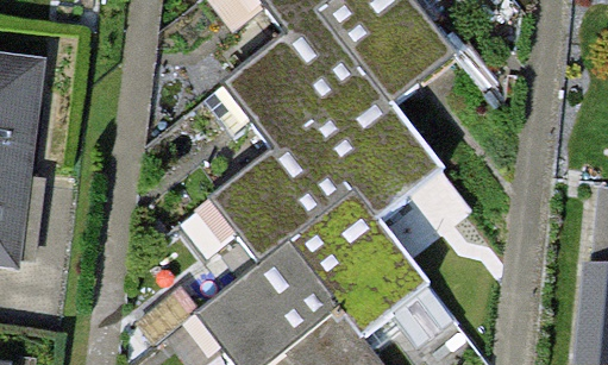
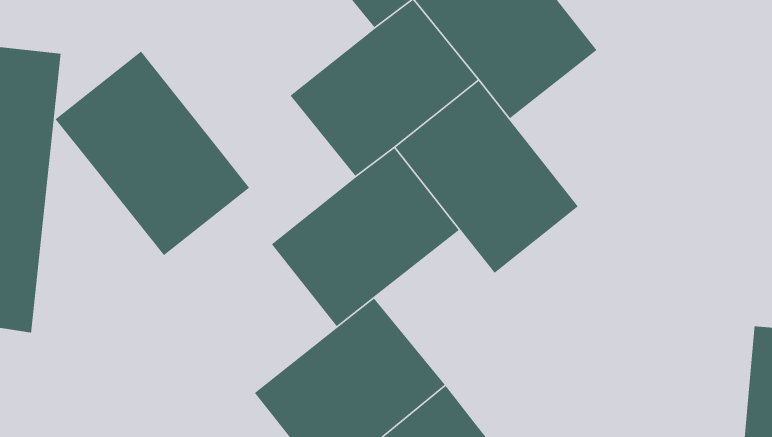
building: none -> [55,51,250,256]
building: [287,190,431,340] -> none

